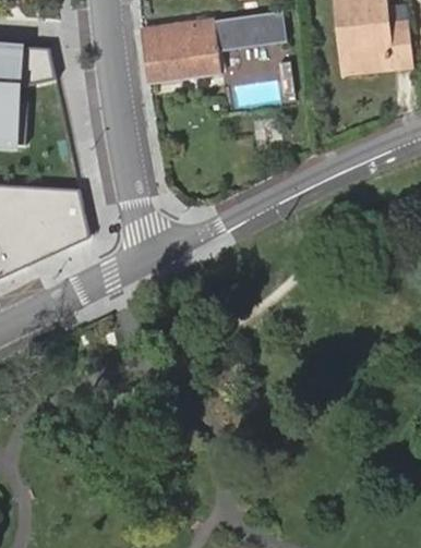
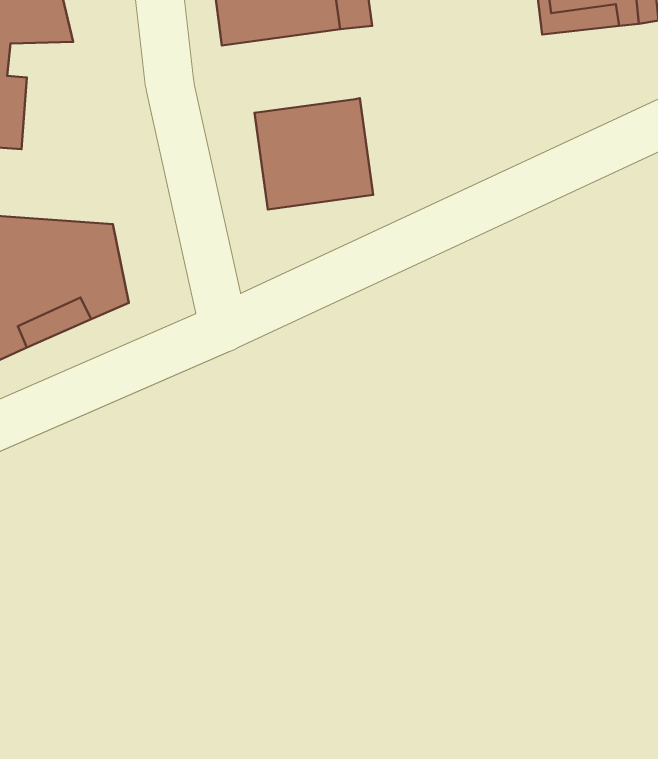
building: none -> [255,98,373,210]

